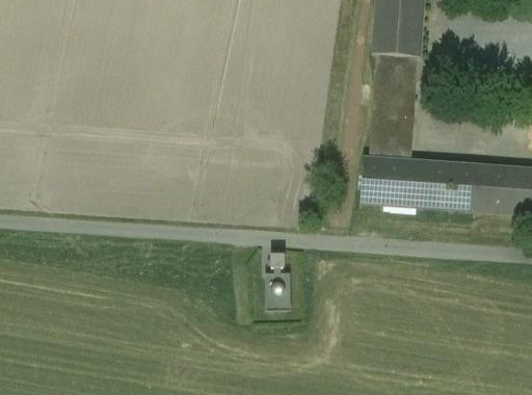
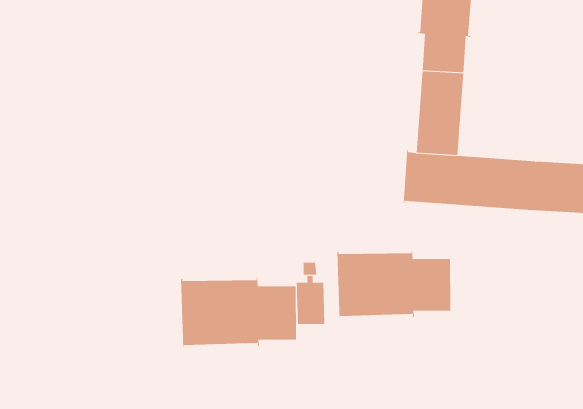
building: none -> [337,250,451,320]
building: none -> [181,277,297,349]

